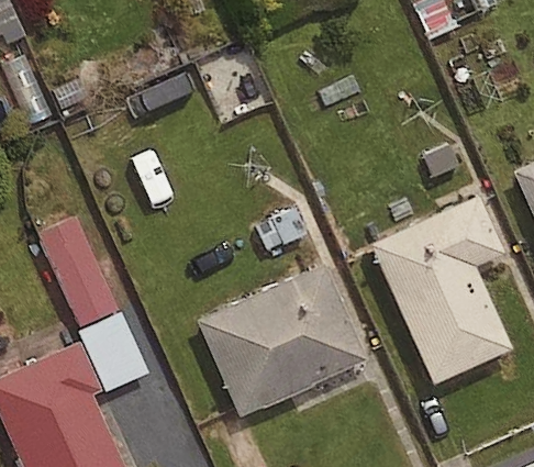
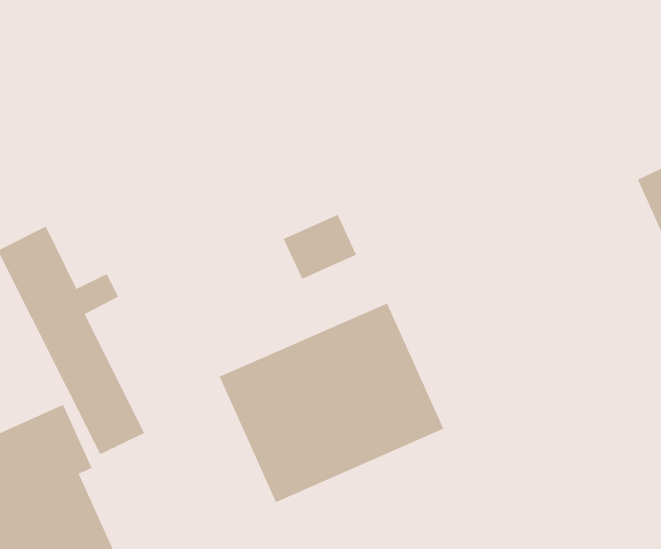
building: [369,194,518,386] -> none

